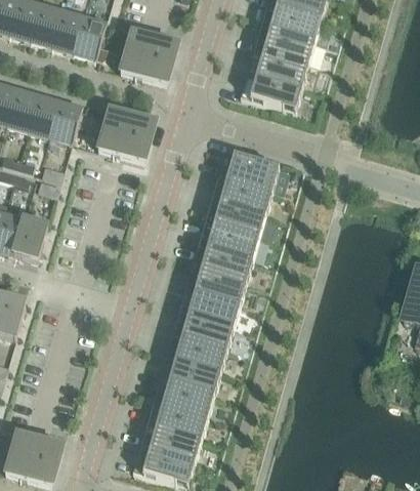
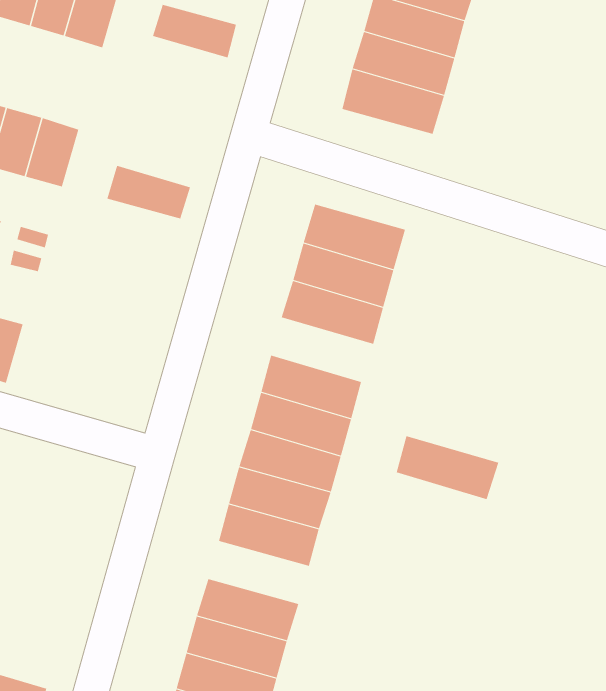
building: [121,50,172,84] -> none
building: [104,108,156,141] -> none
building: [198,220,260,259] -> [396,435,499,500]
building: [160,356,221,394] -> none

